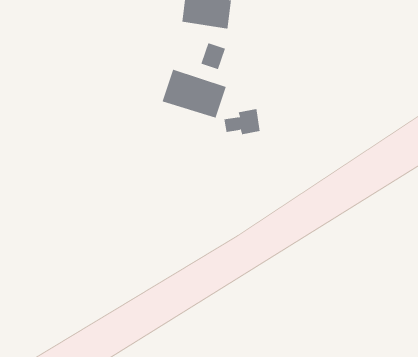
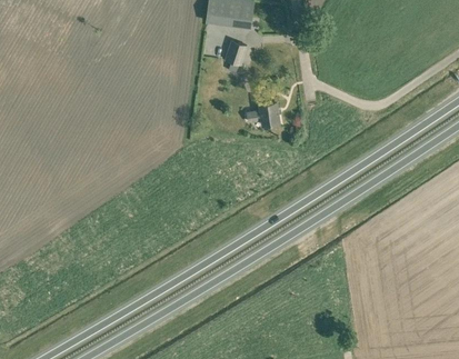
building: [162,69,227,118] -> none

